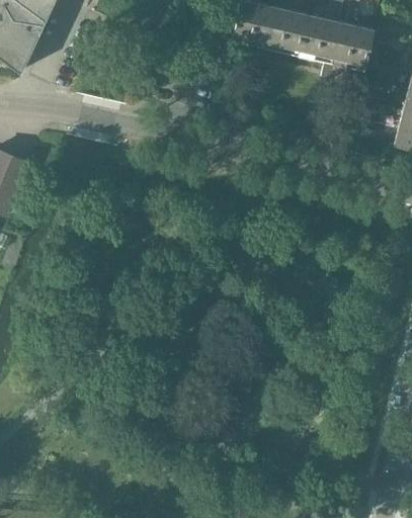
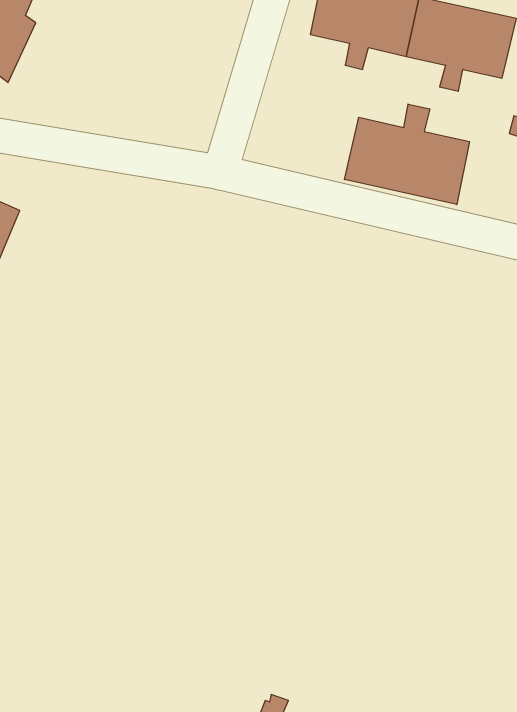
building: none -> [345,104,469,205]

